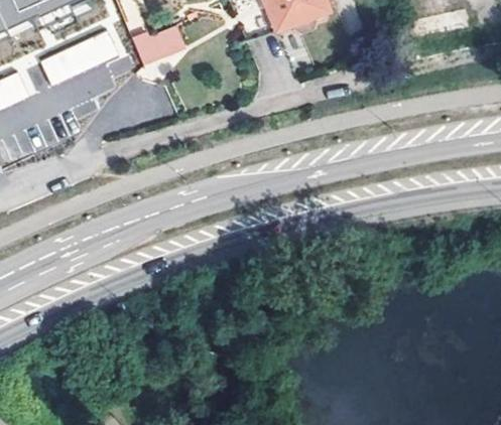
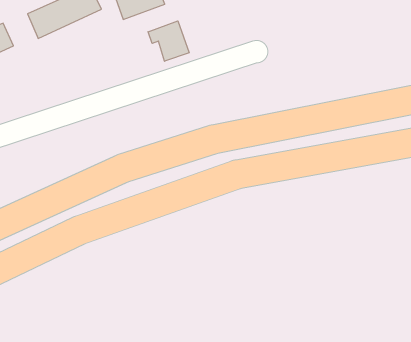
building: none -> [148,21,189,61]

